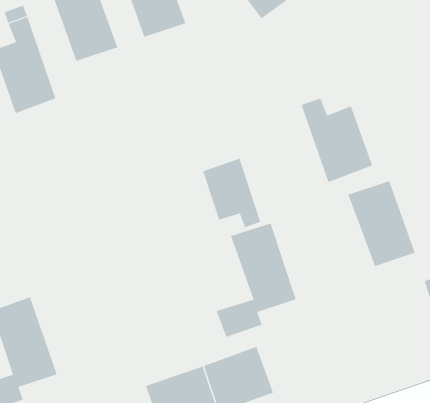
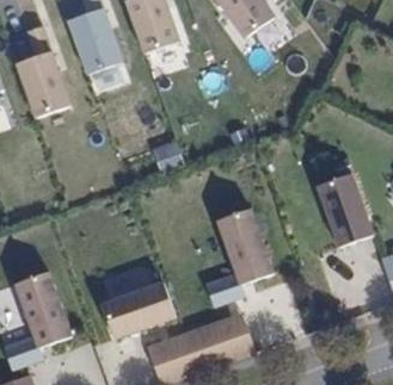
building: [301,98,373,183] -> none
building: [202,158,261,228] -> none
building: none -> [103,281,176,337]

